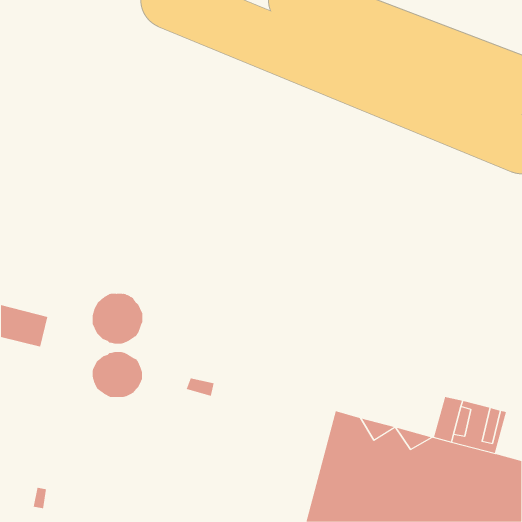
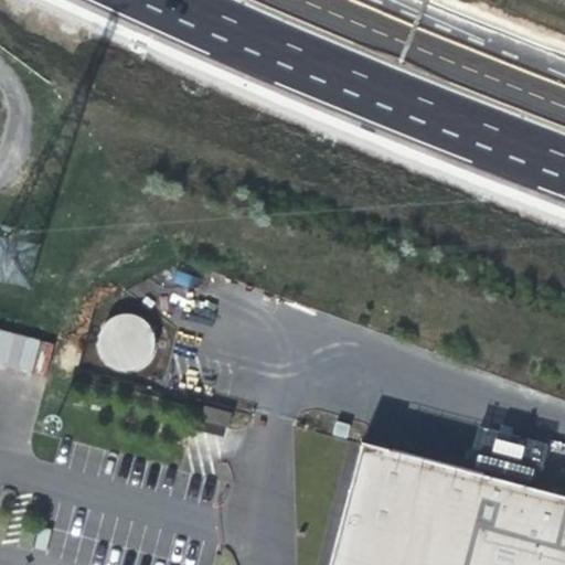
building: [92,351,143,398] -> none

